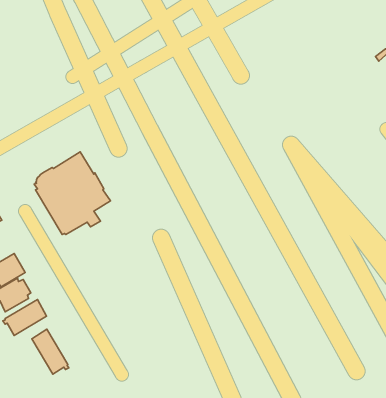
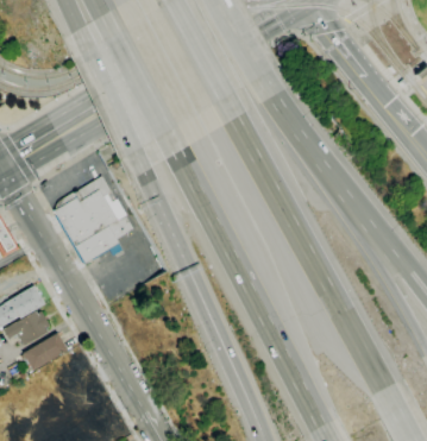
building: [32,329,69,374] -> none

